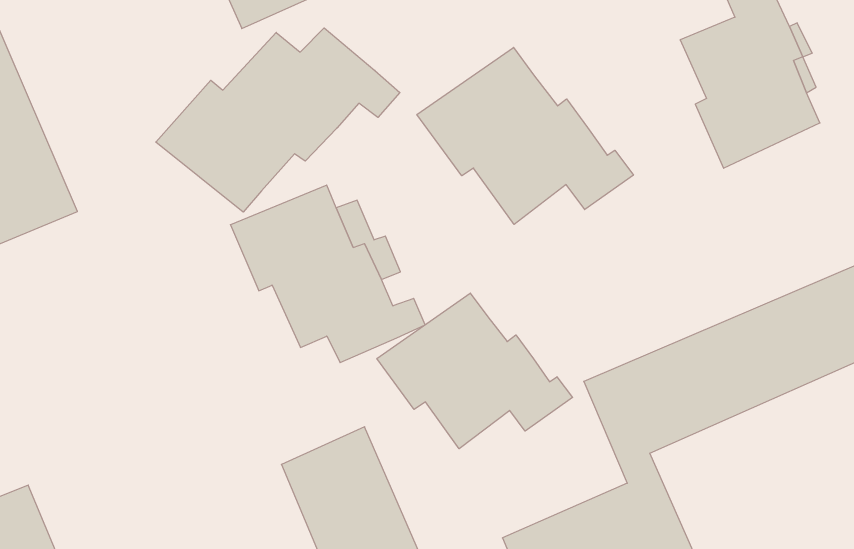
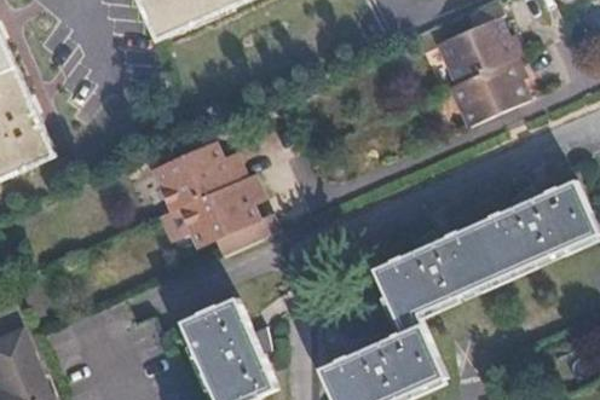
building: [156,28,400,212] -> none
building: [417,47,633,224] -> none
building: [377,293,573,449] -> none

